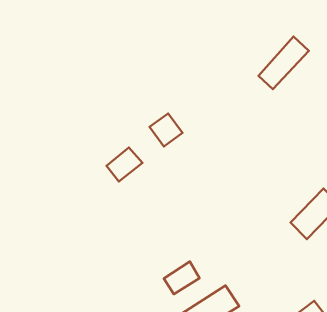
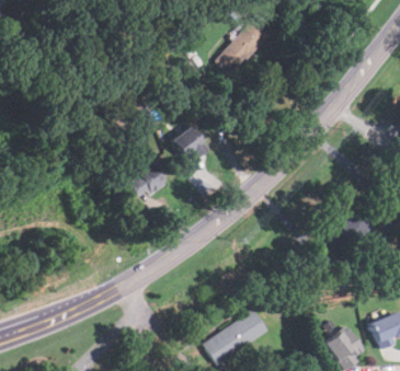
building: [258,37,309,89] -> [216,20,270,76]
building: [164,261,199,294] -> none

